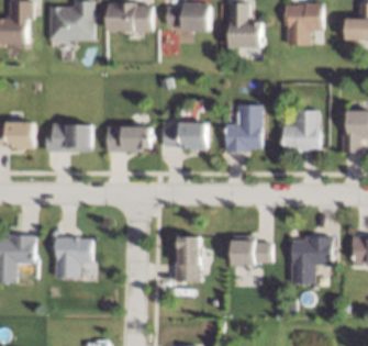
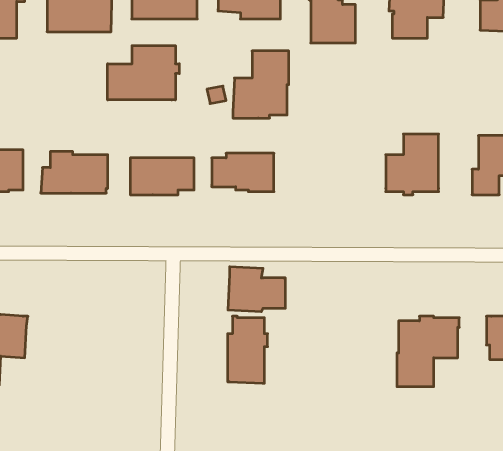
building: none -> [108,46,179,100]
building: [224,104,263,150] -> [233,51,289,118]
building: [231,234,270,265] -> [228,267,285,312]
building: [55,236,90,277] -> none

